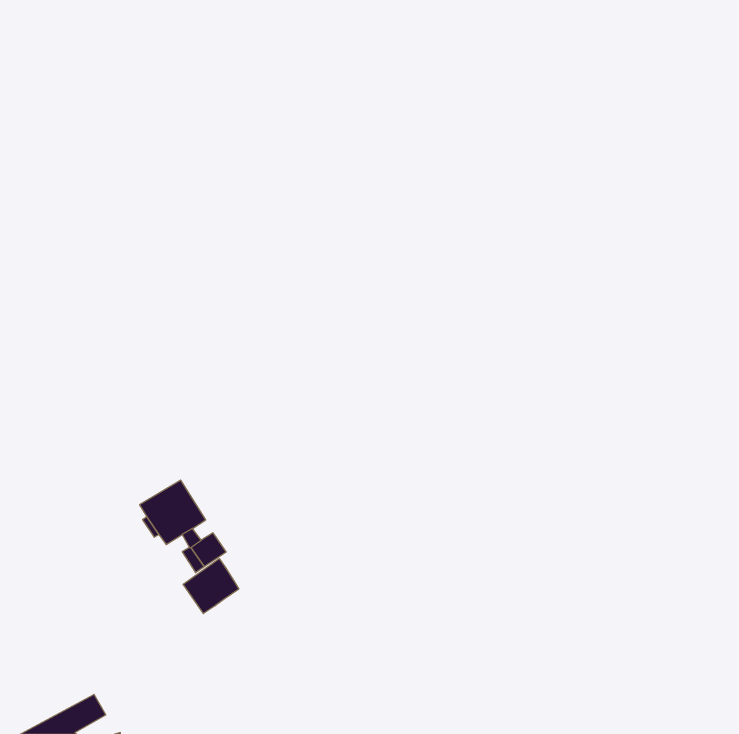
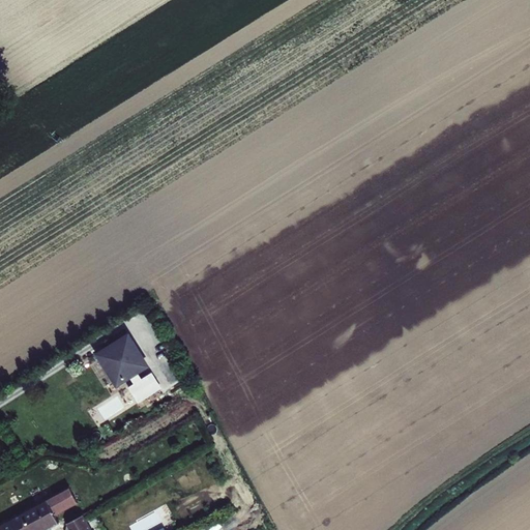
building: [183,559,239,614] -> none

